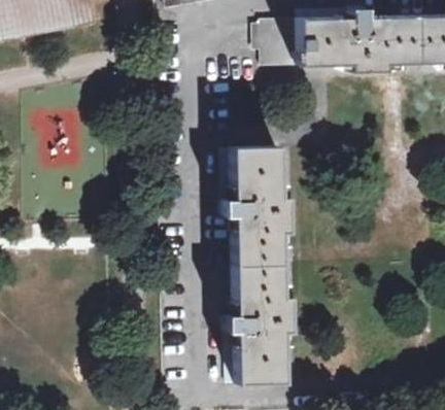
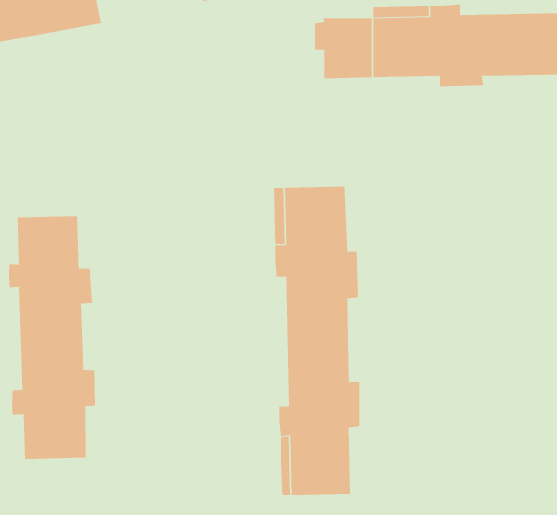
building: none -> [8,215,96,460]

